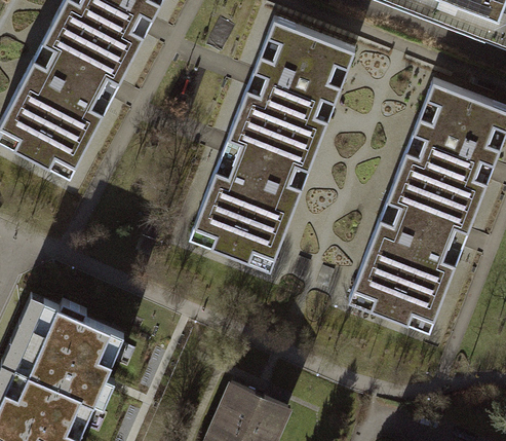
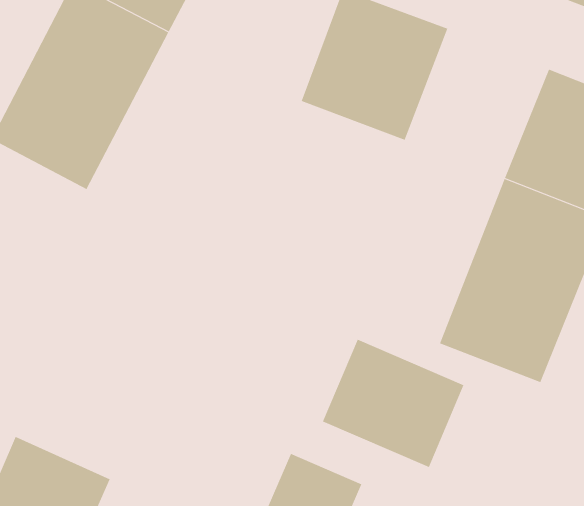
building: [190,106,321,268] -> none
building: none -> [322,339,464,468]
building: [14,303,119,408] -> none

